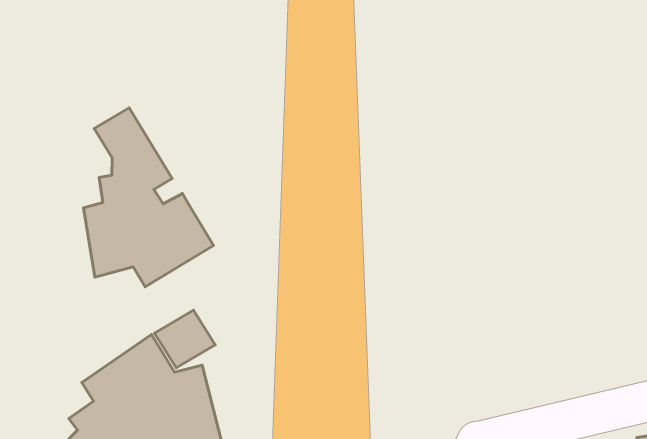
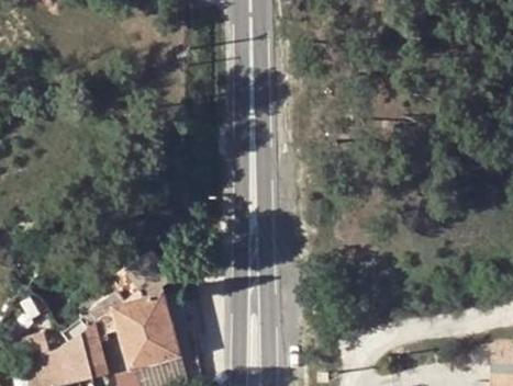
building: [84,108,214,287] -> none

